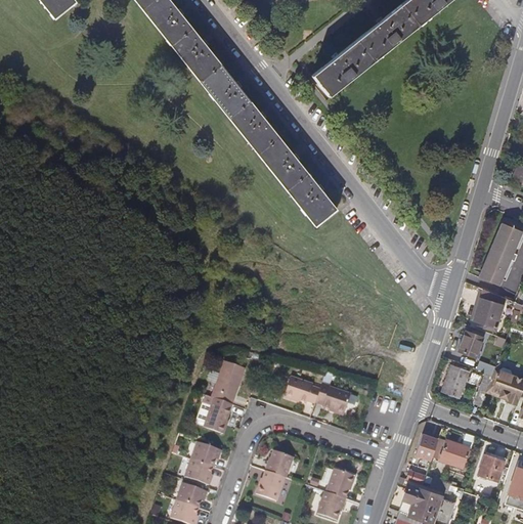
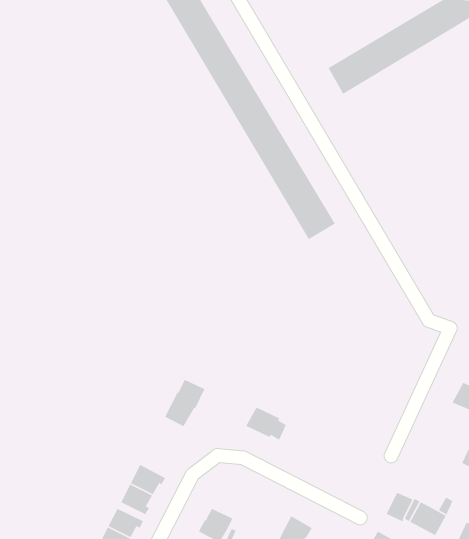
building: [443,364,470,397] -> none
building: [315,384,350,414] -> none
building: [203,398,231,434] -> none
building: [264,450,293,478] -> none

